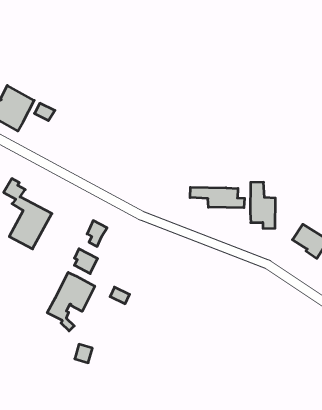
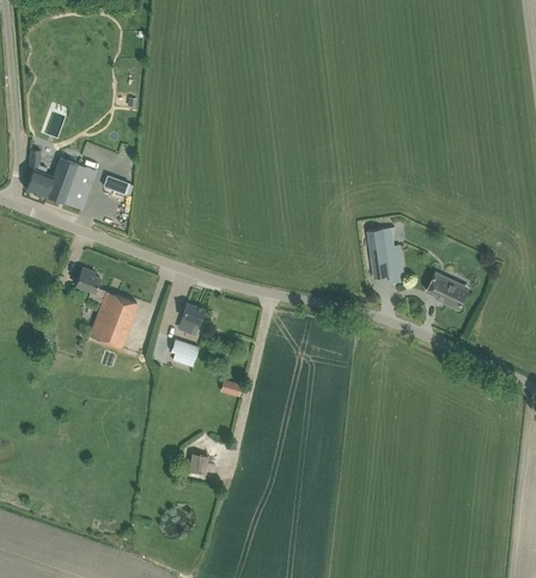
building: [190,187,245,208] -> none
building: [47,272,95,331] -> none

